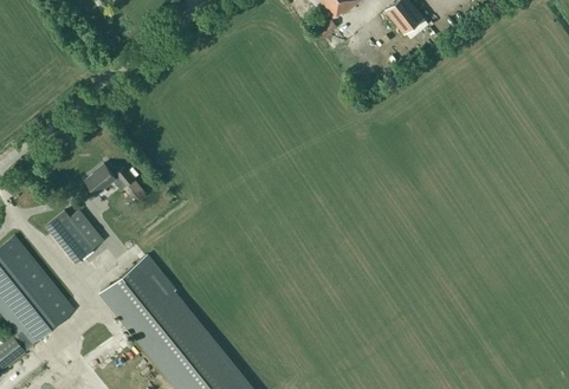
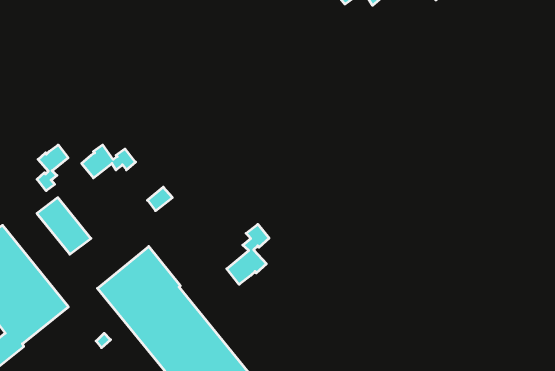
building: none -> [37,145,68,191]
building: none -> [227,224,269,284]

